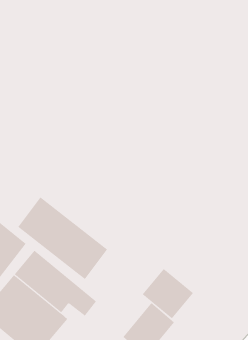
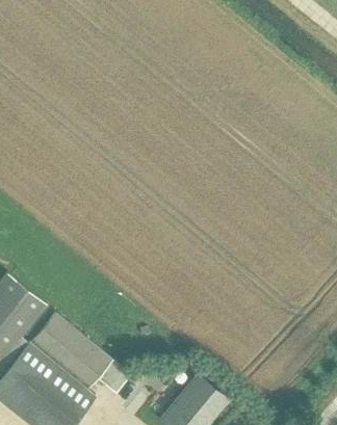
building: [17,196,108,280] -> none
building: [142,268,194,319] -> none

